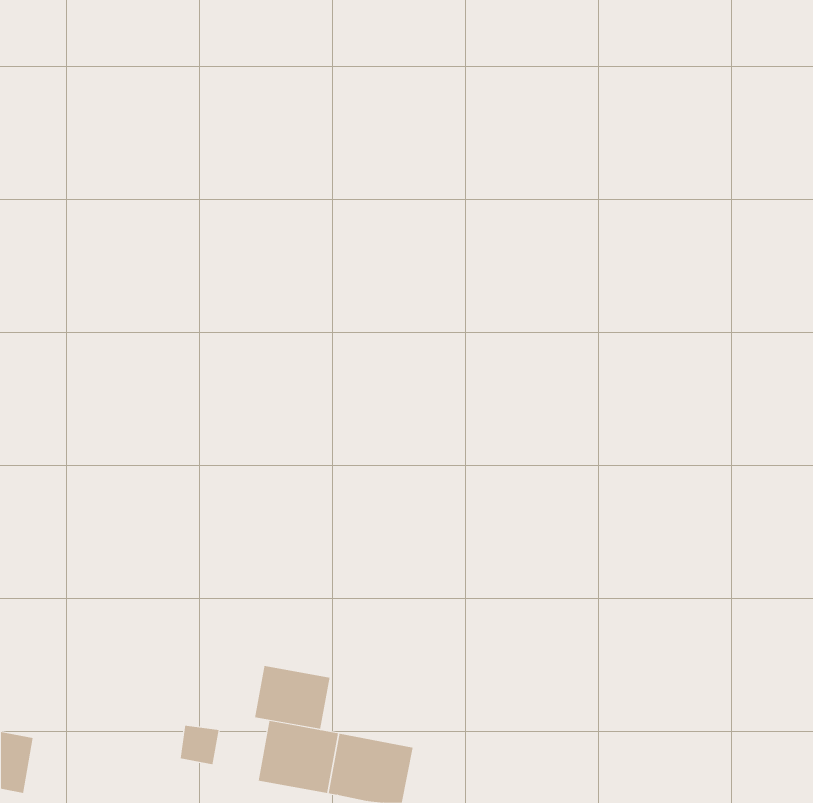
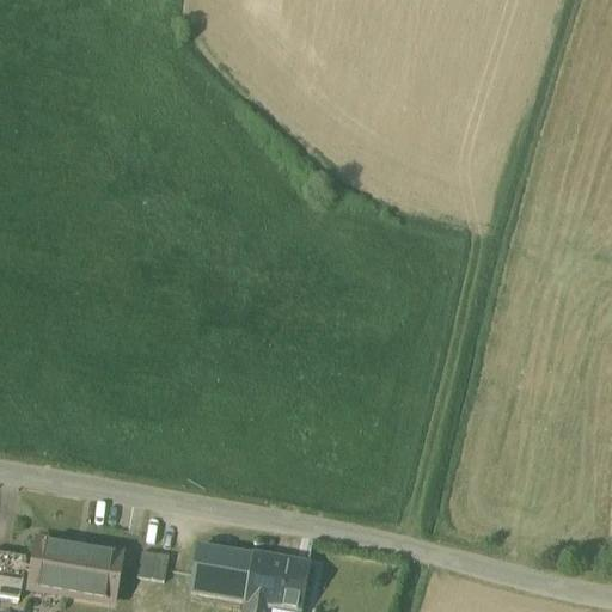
building: [255,665,330,730] -> none
building: none -> [30,538,120,599]

